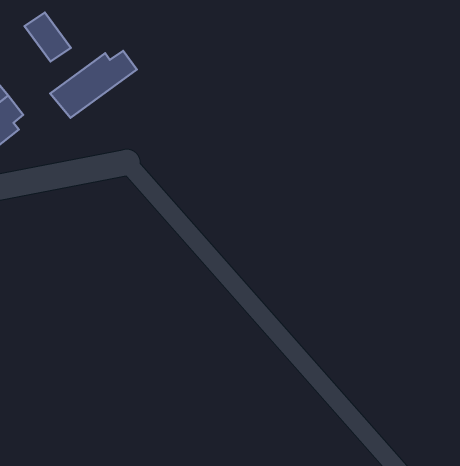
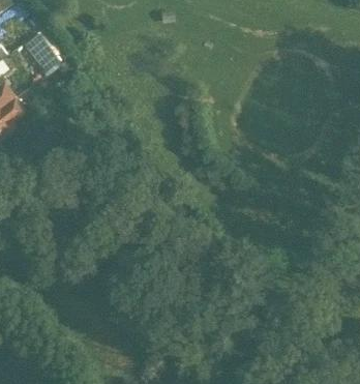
building: [50,51,137,118] -> none

